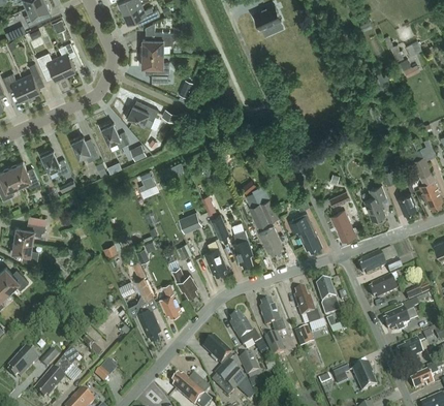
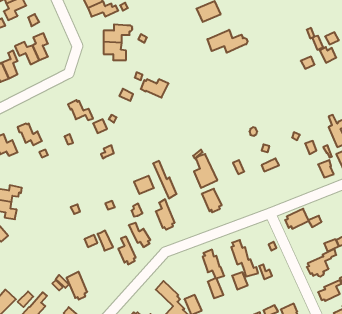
building: none -> [207,30,248,53]
building: [125,104,158,126] -> [141,79,169,98]
building: [69,134,98,161] -> none
building: [363,184,385,221] -> none
building: [329,210,355,240] -> none
building: [288,214,321,251] -> none
building: [232,229,253,266] -> none
building: [369,274,397,298] -> none
building: [316,279,340,315] -> none
building: [135,305,160,338] -> [66,272,87,300]
building: [229,312,260,345] -> none

